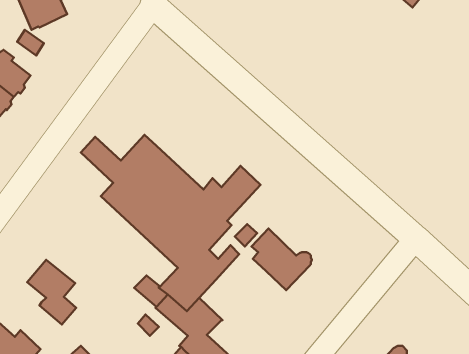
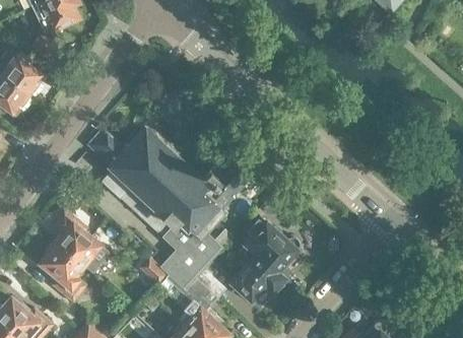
building: none -> [55,215,110,273]
building: none -> [197,254,283,306]

